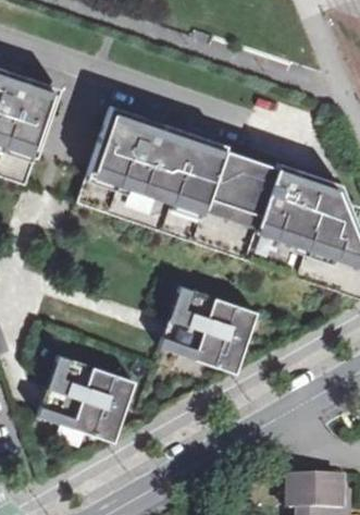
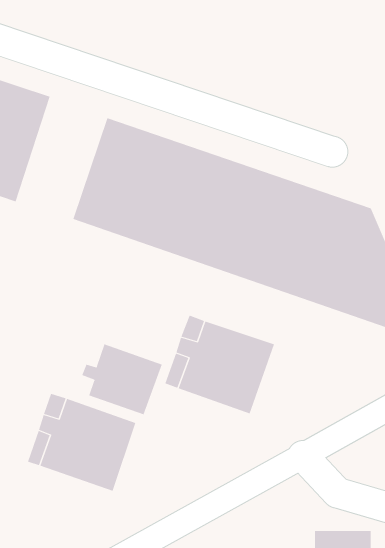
building: none -> [82,344,162,415]

